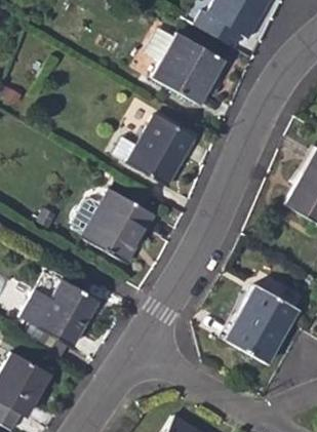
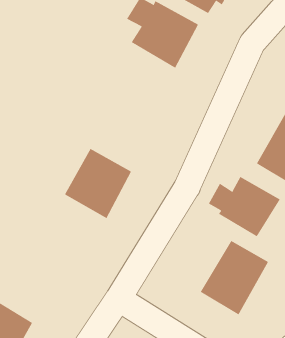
building: [114,114,196,186] -> none
building: none -> [208,176,281,237]
building: [19,281,98,348] -> none

